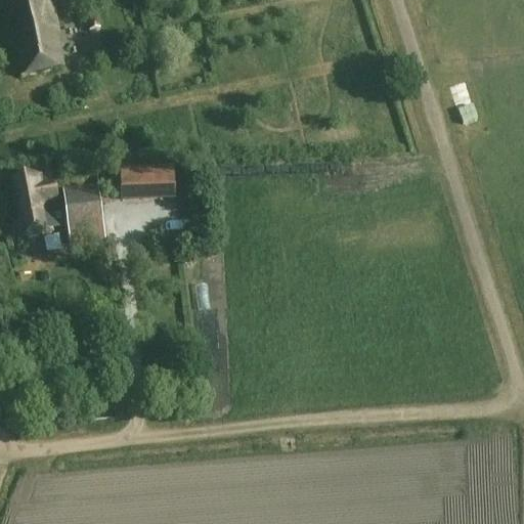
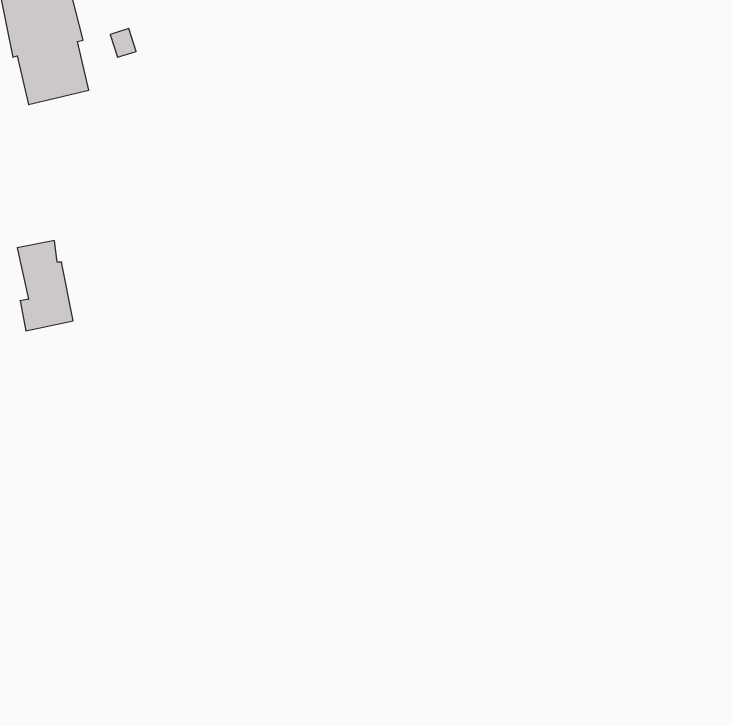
building: [121,165,176,195] -> none
building: [63,184,104,243] -> none

